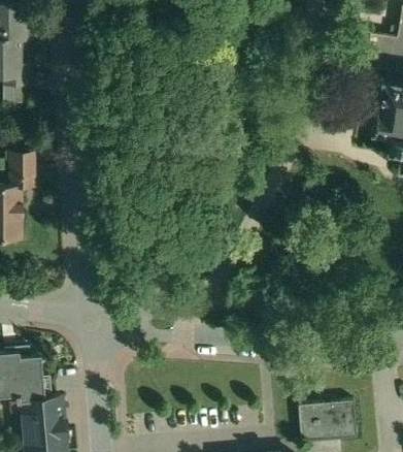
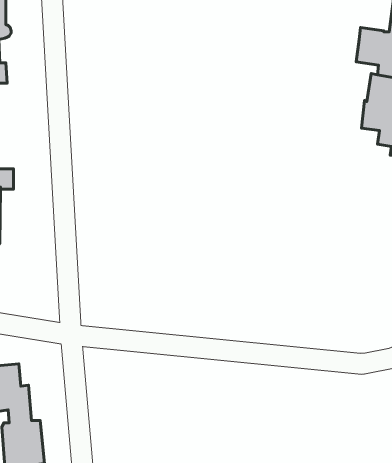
building: [298,398,357,440] -> none

